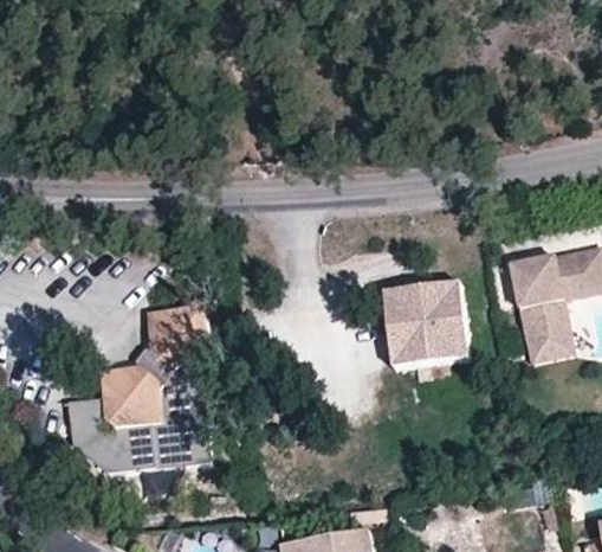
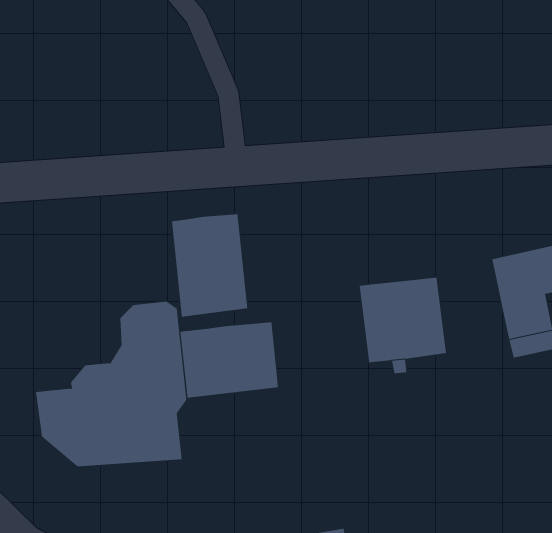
building: none -> [171,214,248,318]
building: none -> [180,322,279,399]

